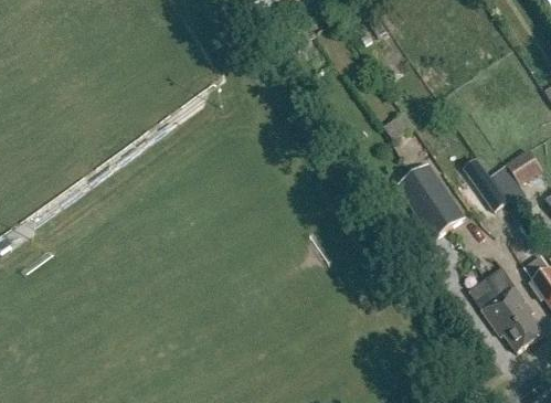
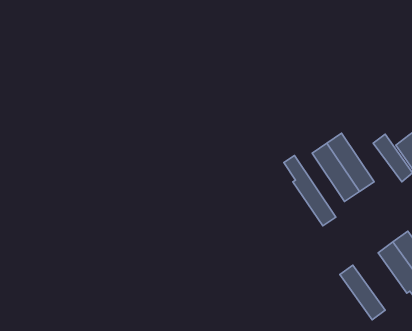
building: none -> [284,156,336,226]
building: none -> [340,265,385,320]

